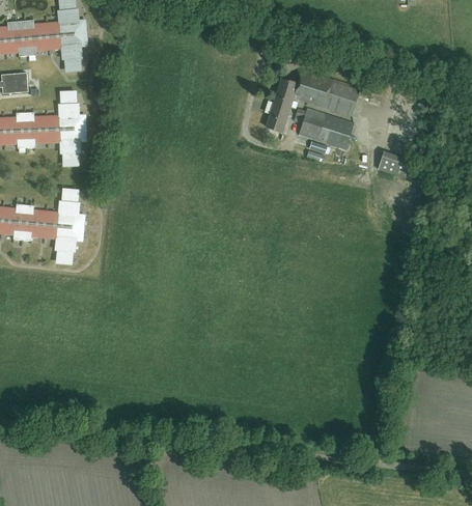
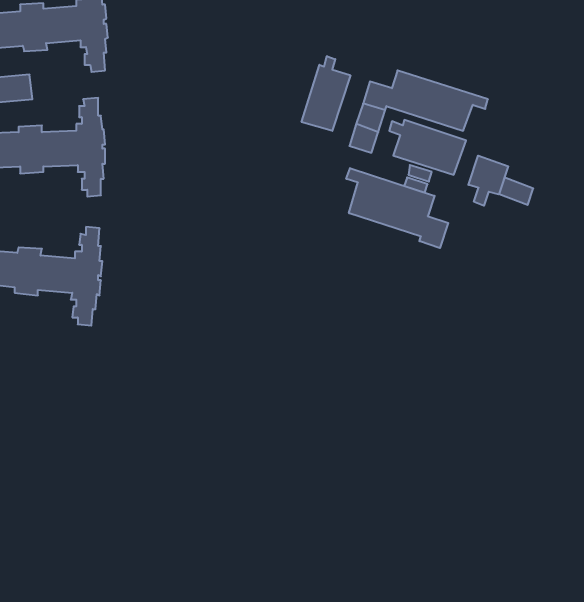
building: none -> [302,56,350,131]
building: none -> [468,156,508,206]
building: none -> [346,168,448,248]

